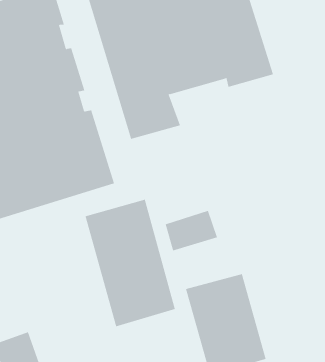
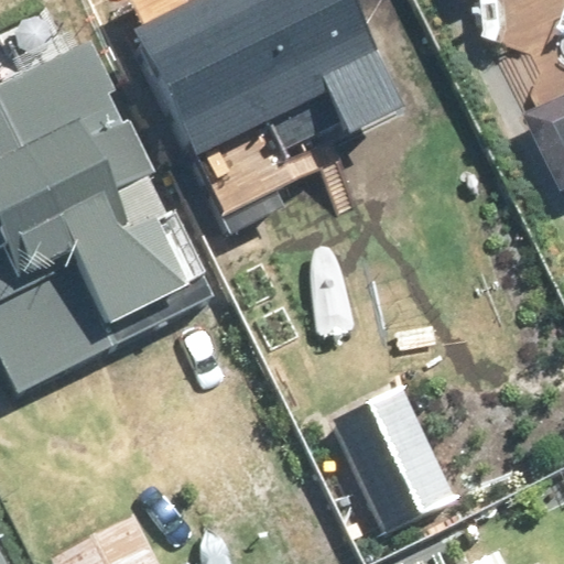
building: [85,199,176,327] -> none

